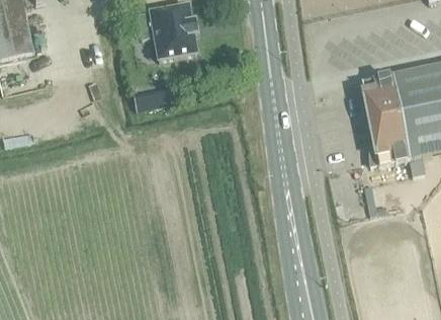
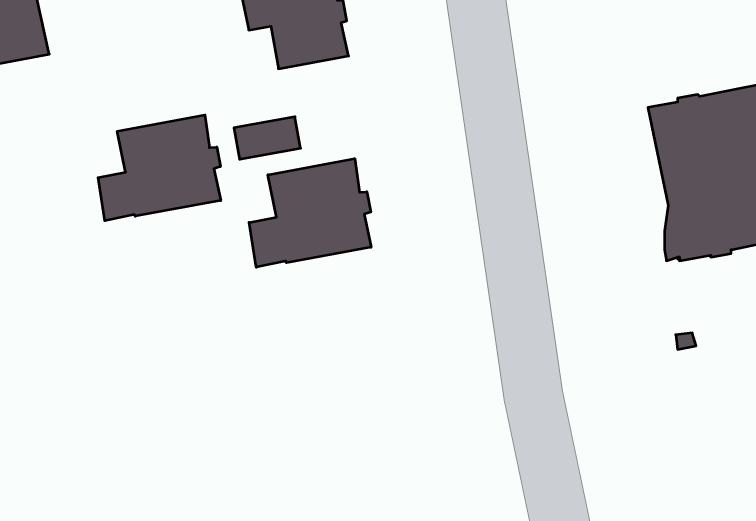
building: none -> [98,115,221,221]
building: none -> [249,159,371,267]

